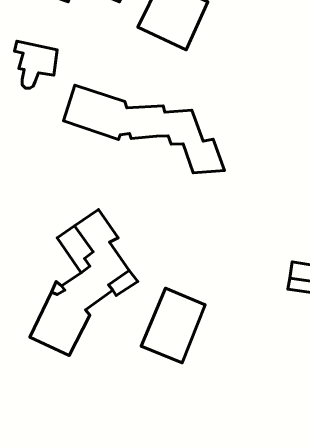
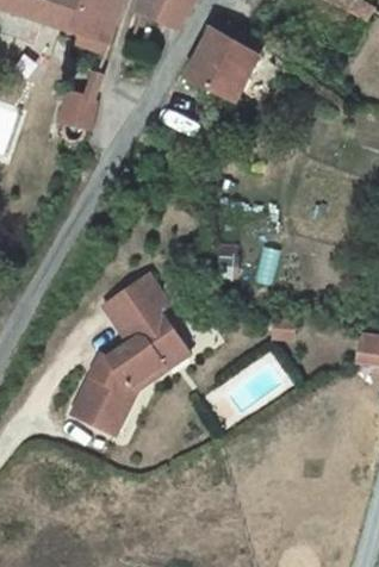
building: [64,85,225,173] -> none
building: [141,288,205,363] -> none

